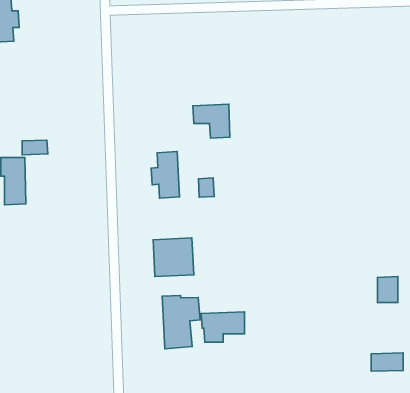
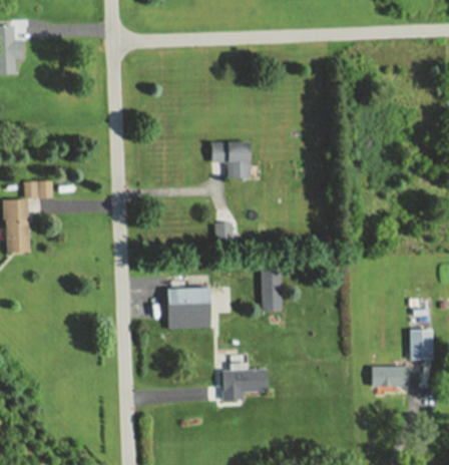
building: [151,151,179,198] -> none
building: none -> [262,271,282,311]
building: [162,296,200,349] -> none
building: [371,353,403,371] -> [372,367,407,387]

